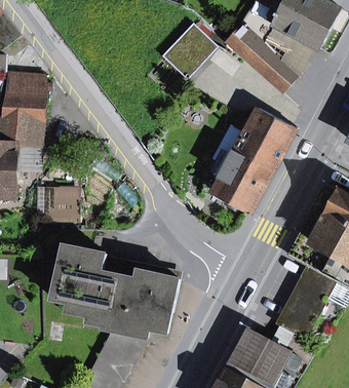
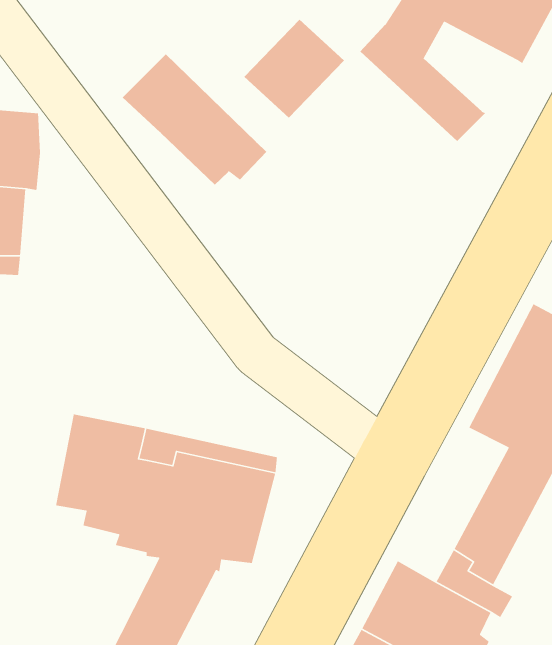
building: [263,25,315,75] -> none
building: none -> [122,53,267,186]
building: [210,107,296,212] -> none
building: [46,189,77,220] -> none

